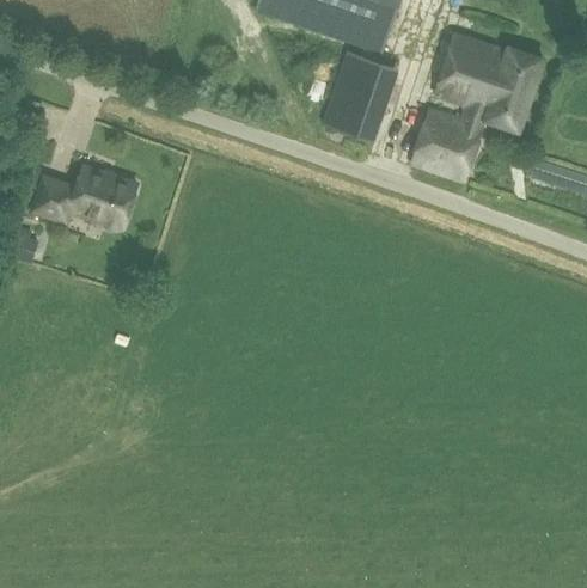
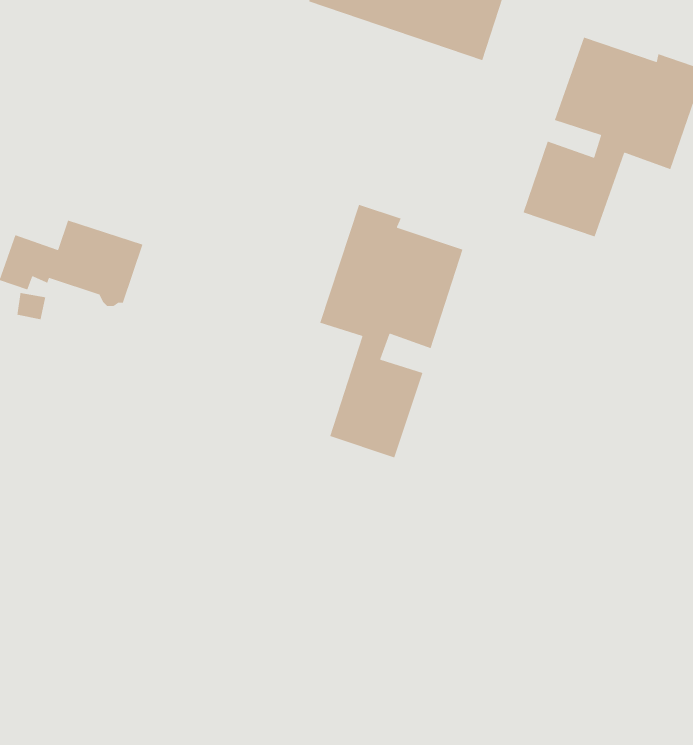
building: [324,53,393,152] -> none
building: none -> [319,204,464,458]

